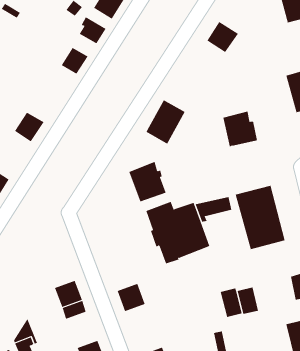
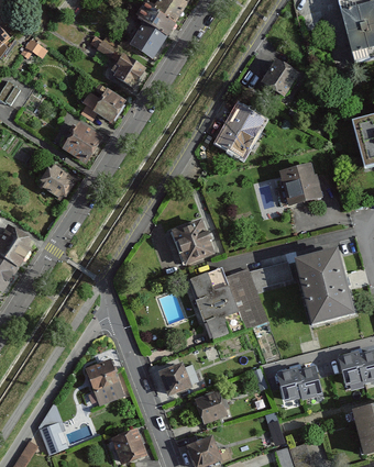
building: none -> [61,124,102,166]
building: [145,100,185,144] -> [217,104,263,156]
building: none -> [338,351,363,385]
building: none -> [194,390,226,426]

